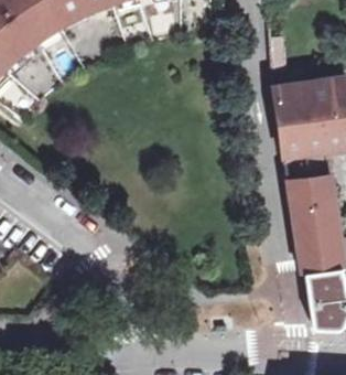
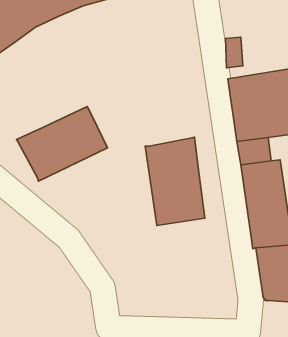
building: none -> [17,107,108,181]
building: none -> [145,137,205,226]

